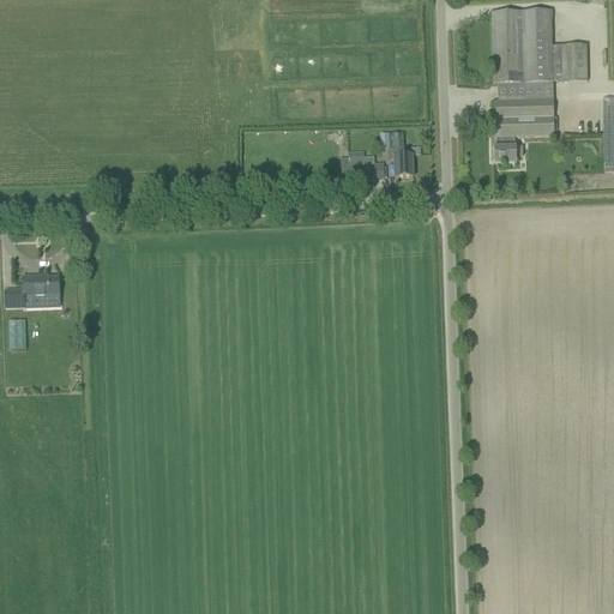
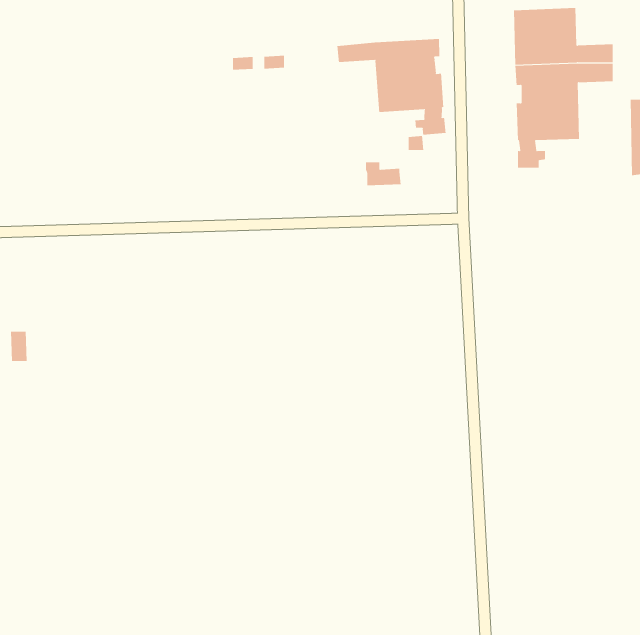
building: none -> [337,38,446,136]
building: [390,145,414,175] -> none
building: [6,273,61,305] -> none

